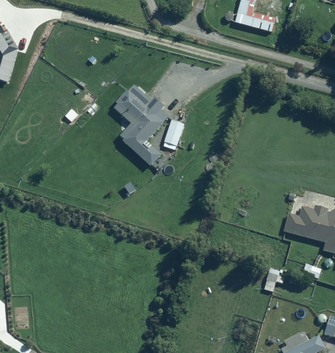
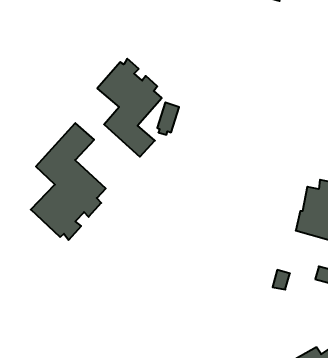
building: none -> [31,123,106,240]

